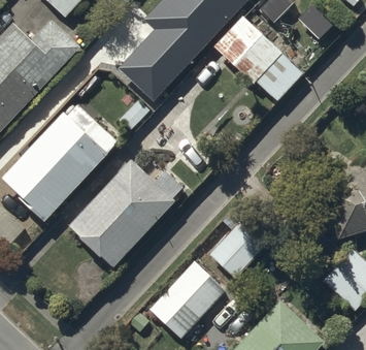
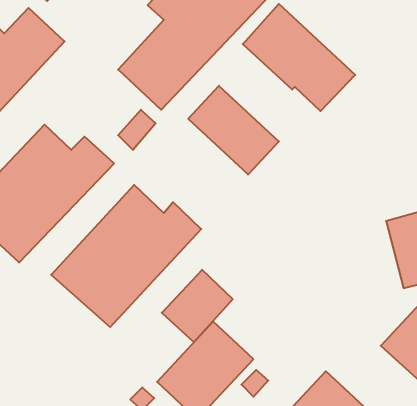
building: none -> [188,86,279,175]
building: [210,221,265,277] -> [162,270,233,342]

